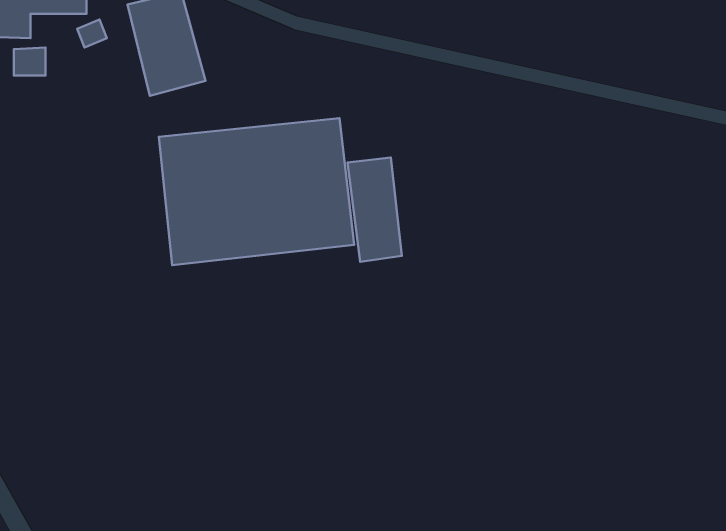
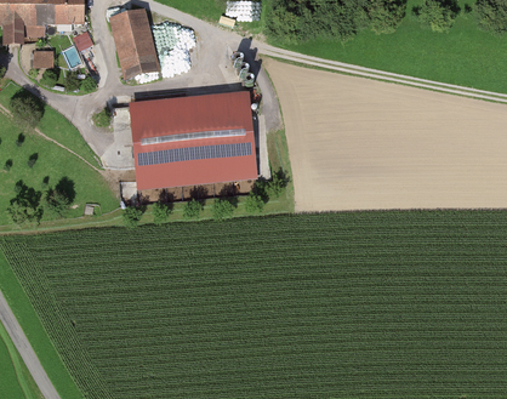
building: [347,158,402,262] -> none

